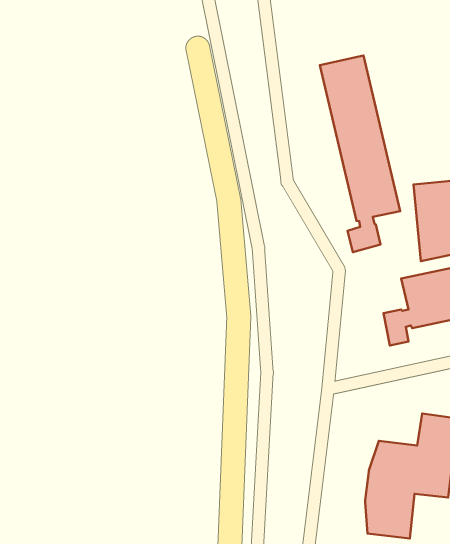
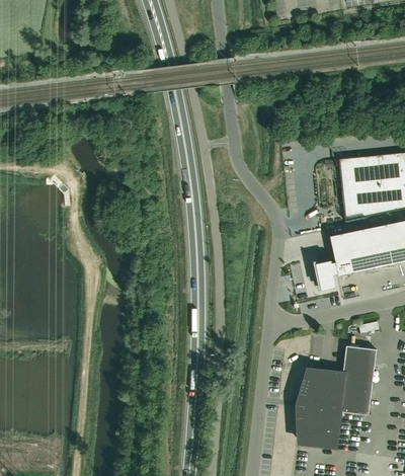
building: [320,55,400,252] -> none

